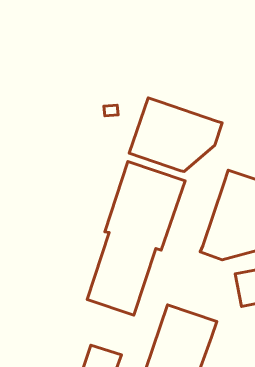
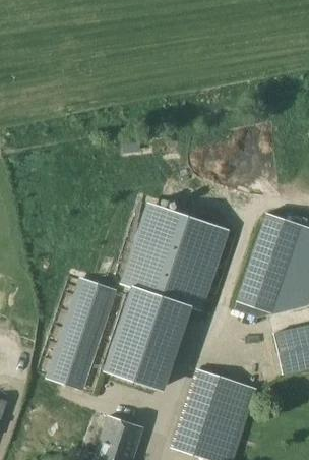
building: [129,98,222,171] -> none
building: none -> [51,279,116,388]

